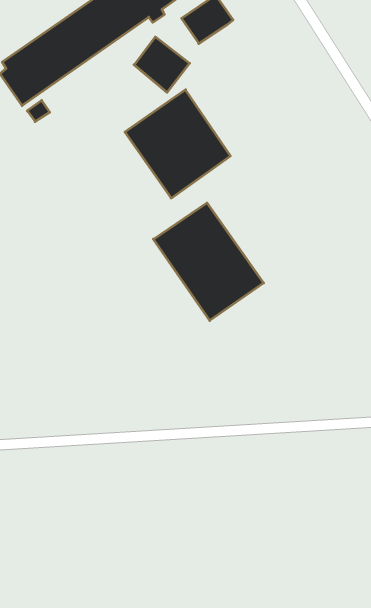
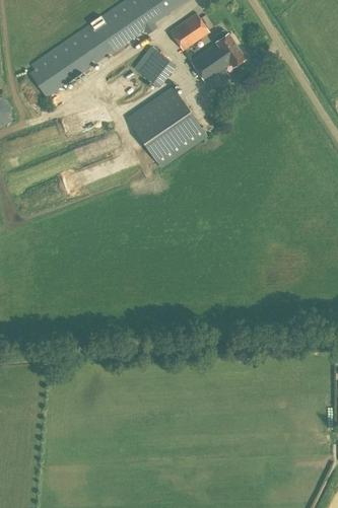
building: none -> [191,29,245,81]
building: [153,203,264,321] -> none

